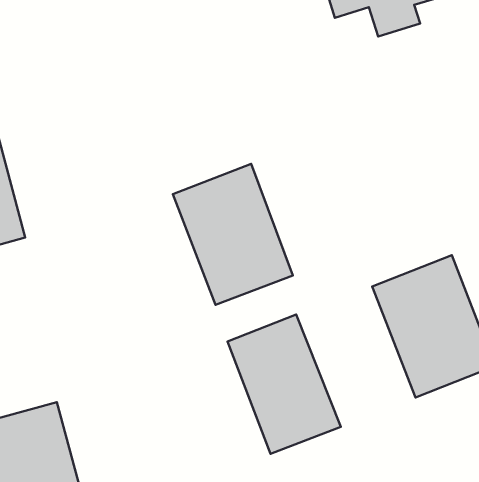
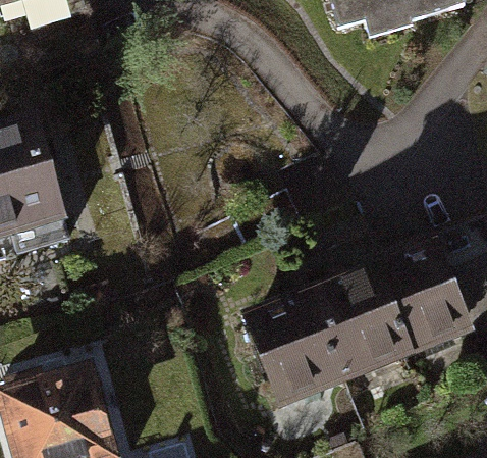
building: [173,164,293,305] -> none
building: none -> [304,264,408,387]

